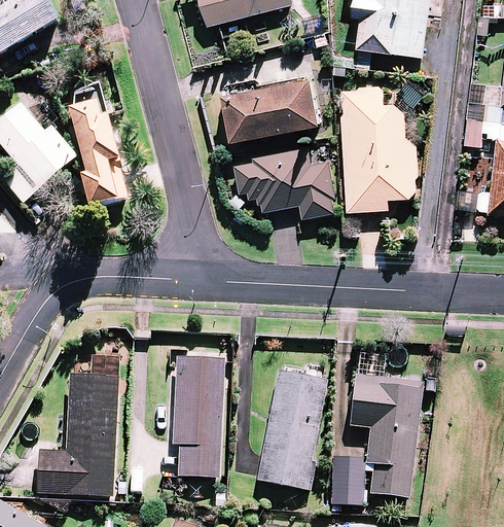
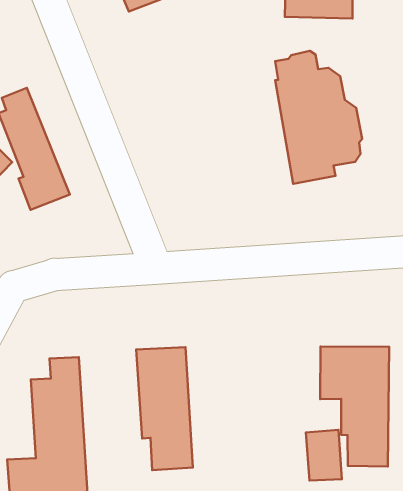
building: [224,78,321,141] -> none
building: [236,146,337,218] -> none
building: [257,371,327,490] -> none

